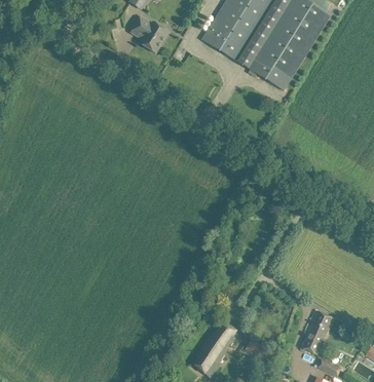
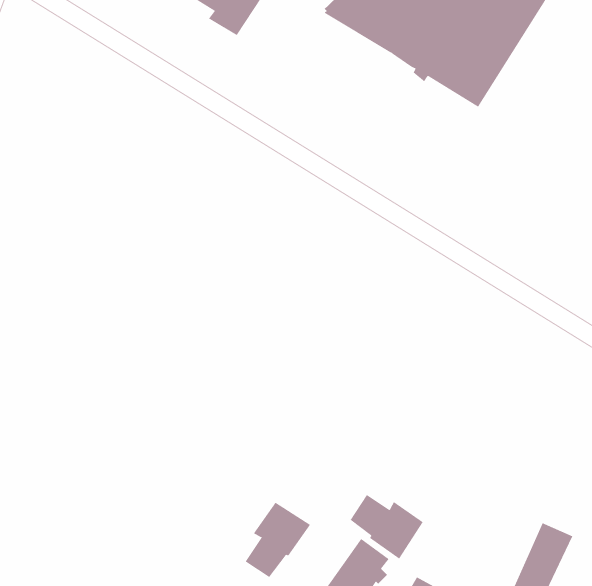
building: none -> [350,494,424,559]
building: none -> [245,502,311,578]

